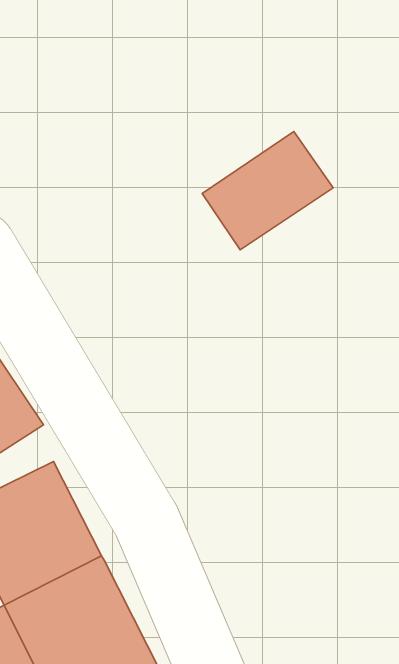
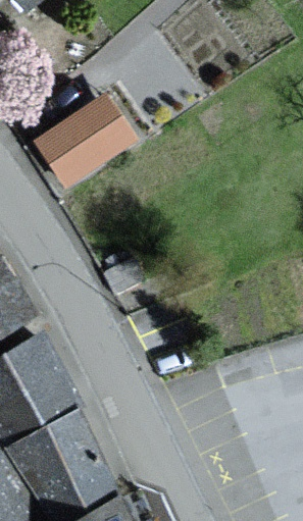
building: [202,132,333,250] -> [35,97,130,183]

